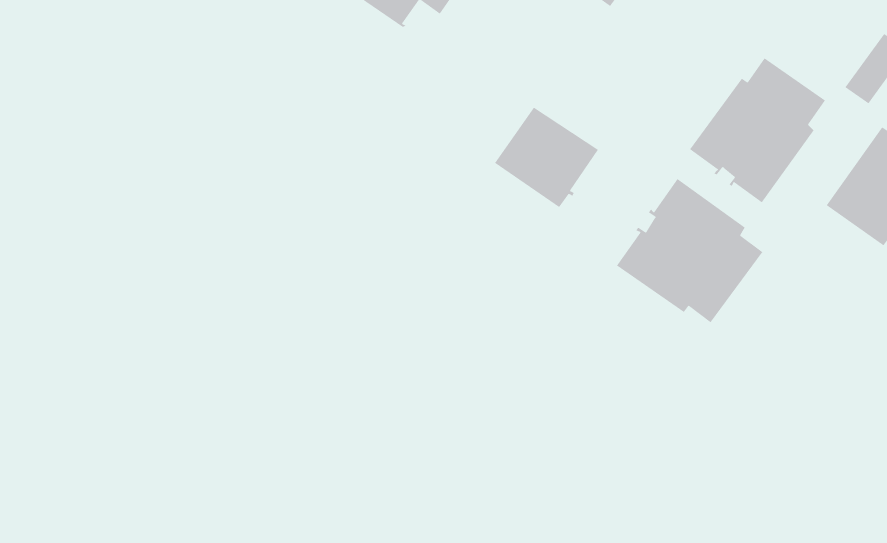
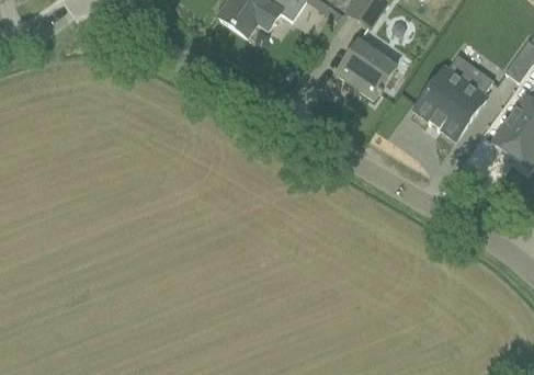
building: [494,107,599,208] -> [333,39,395,99]
building: [616,178,763,323] -> none

